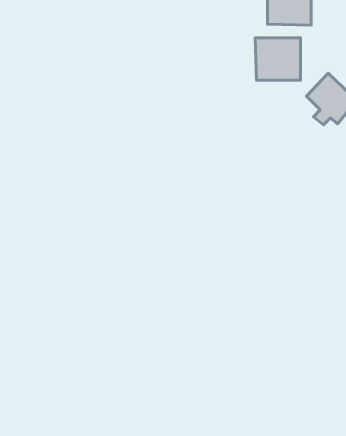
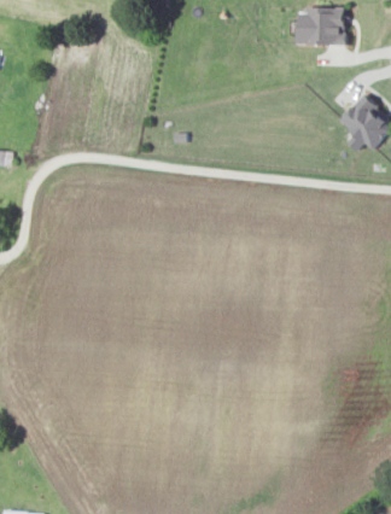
building: [255,38,301,80] -> none

